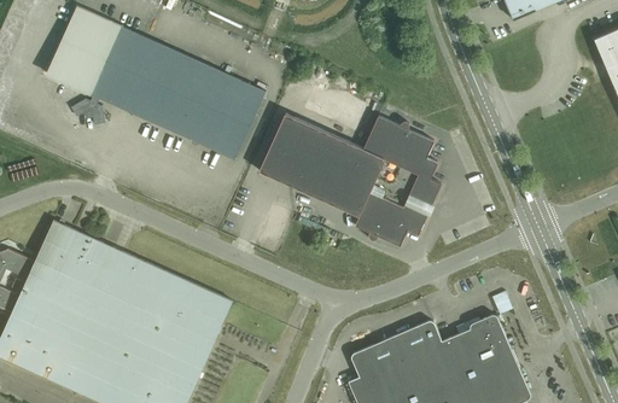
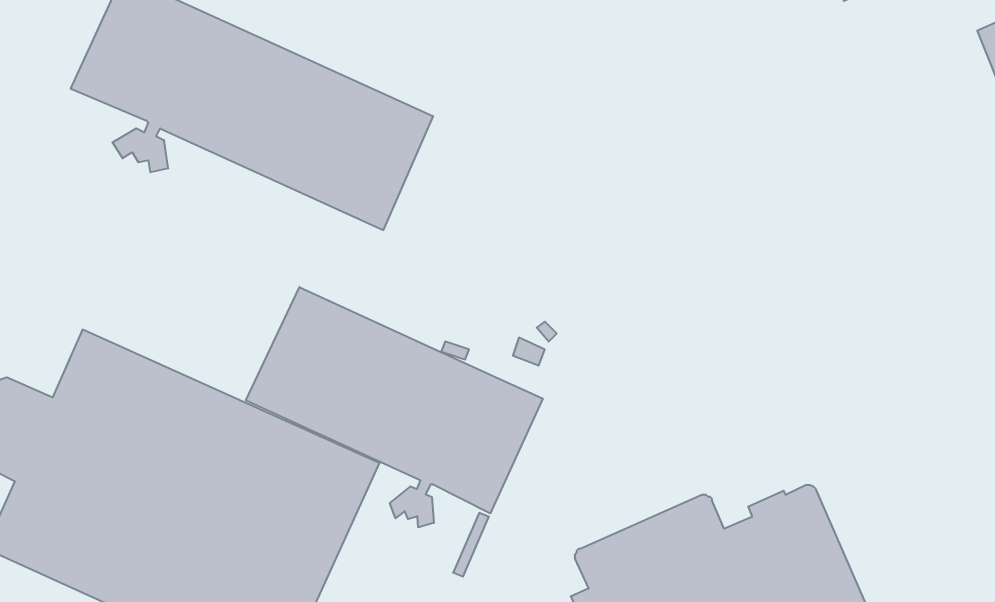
building: [260,113,442,246] -> none
building: none -> [246,287,543,527]

